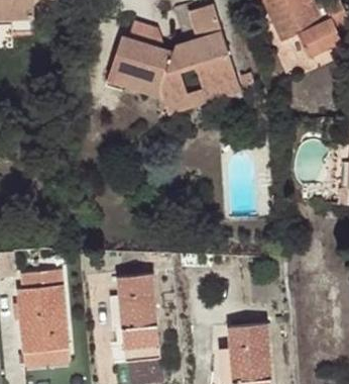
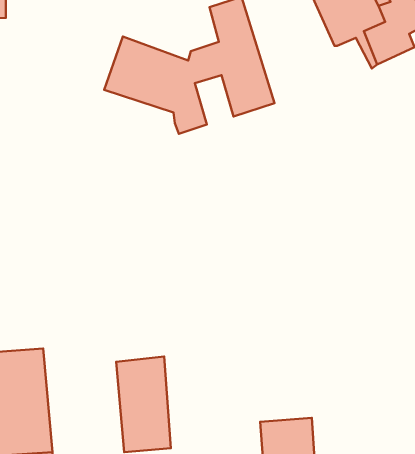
building: [164,64,240,115] -> none

